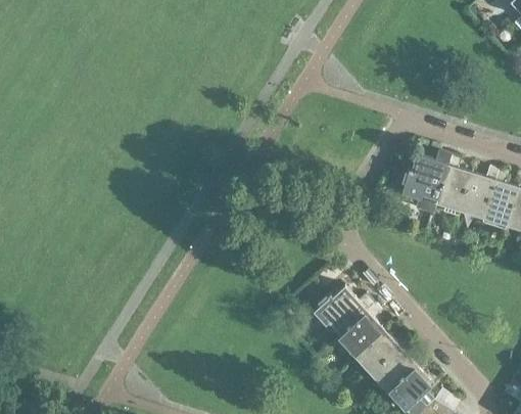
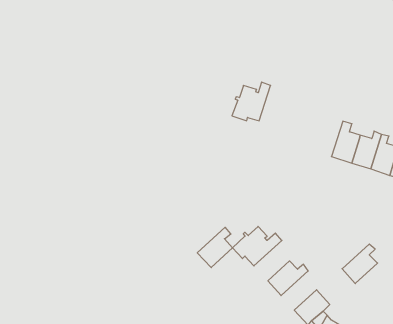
building: [400,155,448,203] -> [232,82,271,121]
building: [338,308,382,358] -> [197,227,233,268]
building: [372,346,416,395] -> [342,244,378,284]

